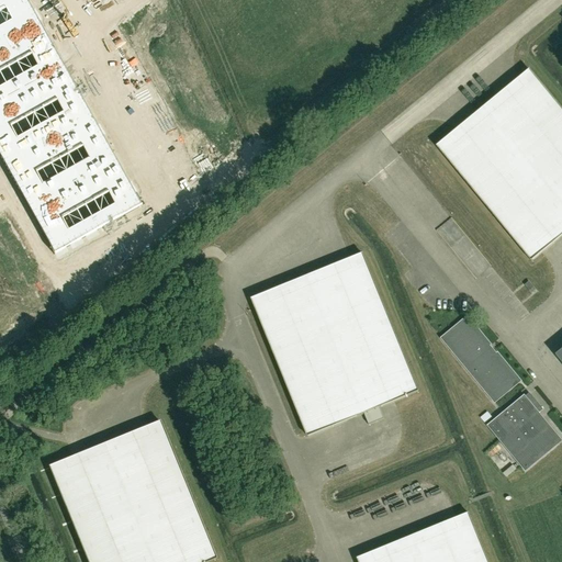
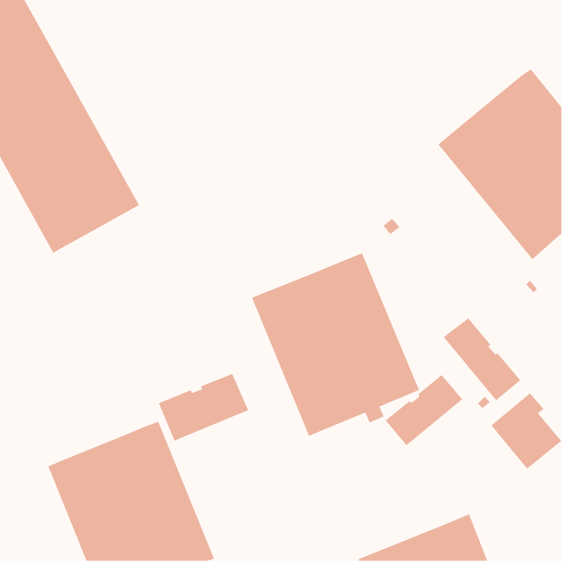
building: none -> [158,373,249,441]
building: none -> [385,374,463,446]

